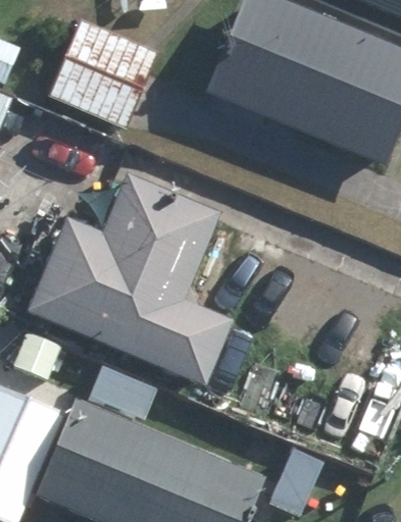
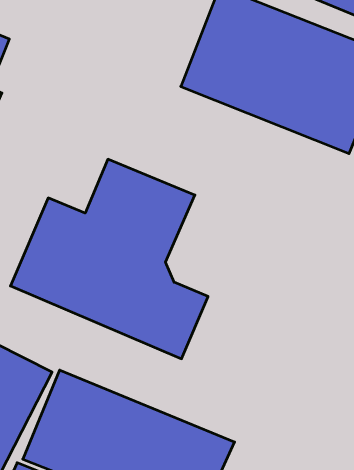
building: [48,18,157,126] -> none

